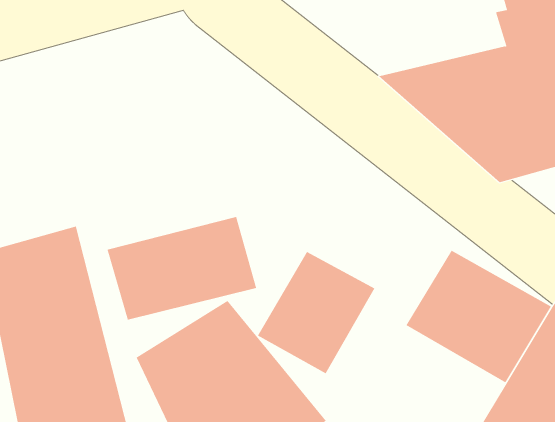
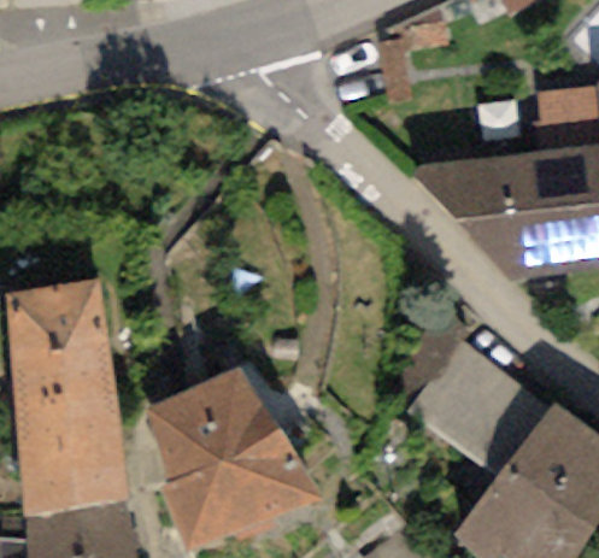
building: [107,216,257,321] -> none
building: [257,251,375,374] -> none

